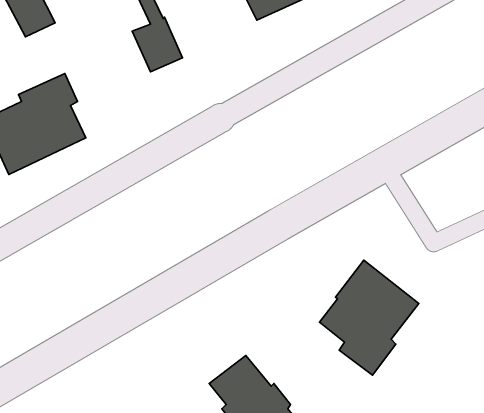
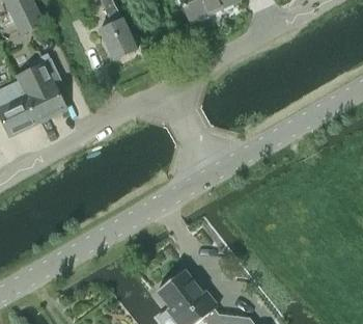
building: [320,260,419,375] -> none

